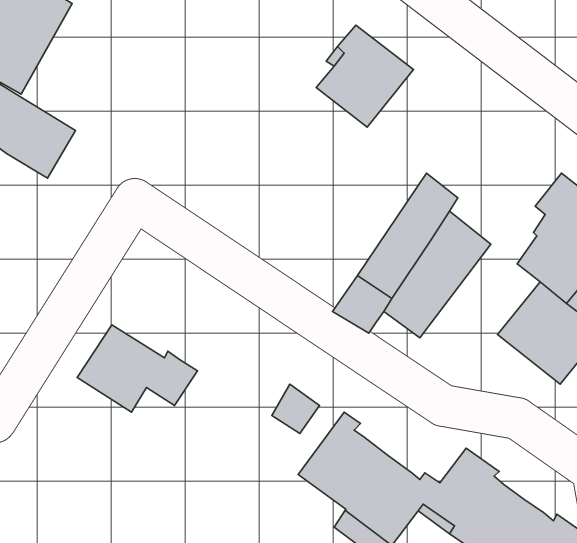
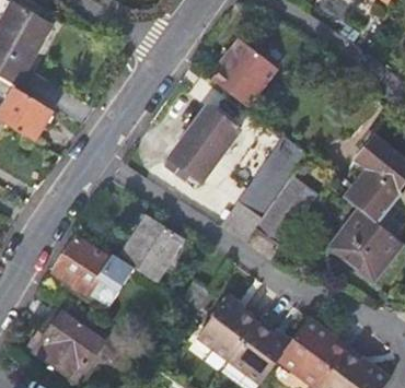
building: none -> [170,106,238,180]
building: none -> [120,222,180,280]
building: none -> [30,304,111,377]

